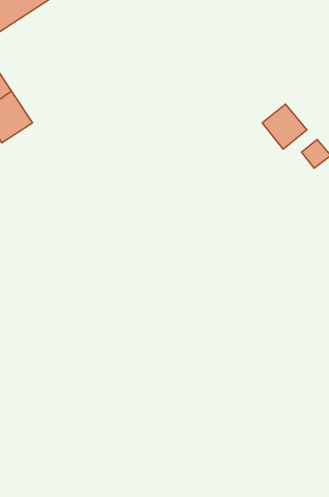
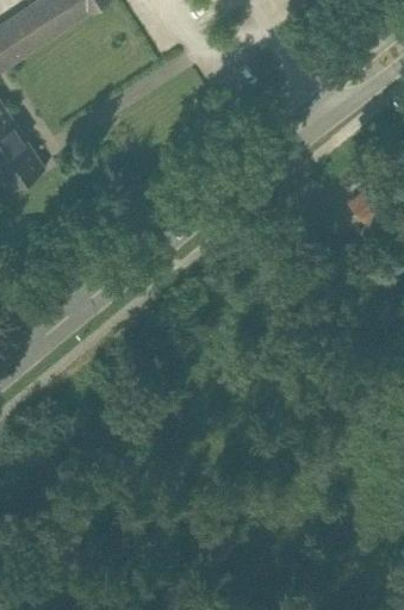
building: [262,104,307,149] -> none

